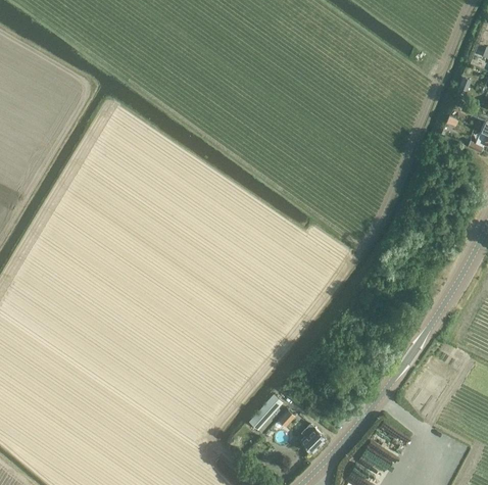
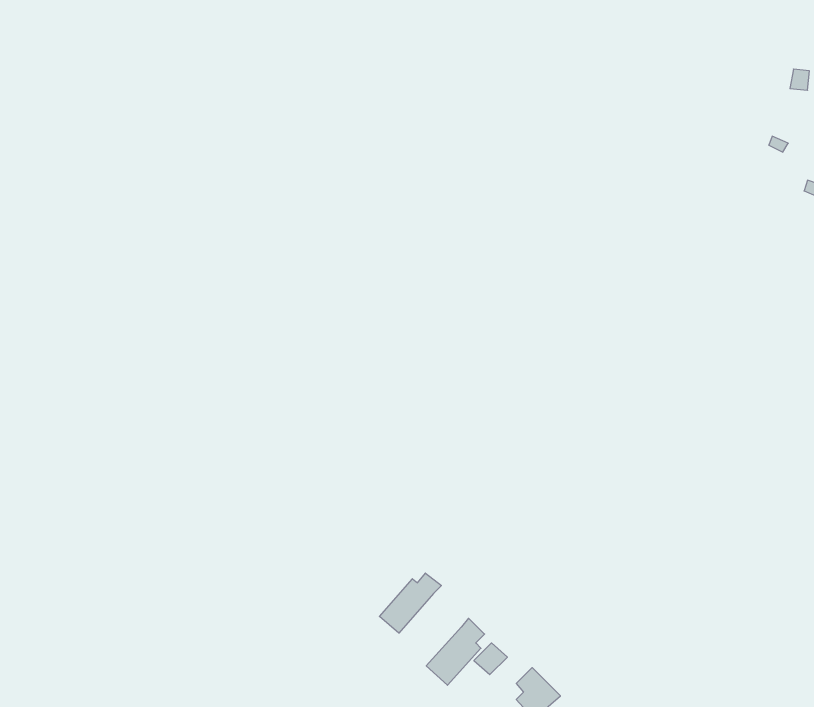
building: none -> [379,573,441,633]

